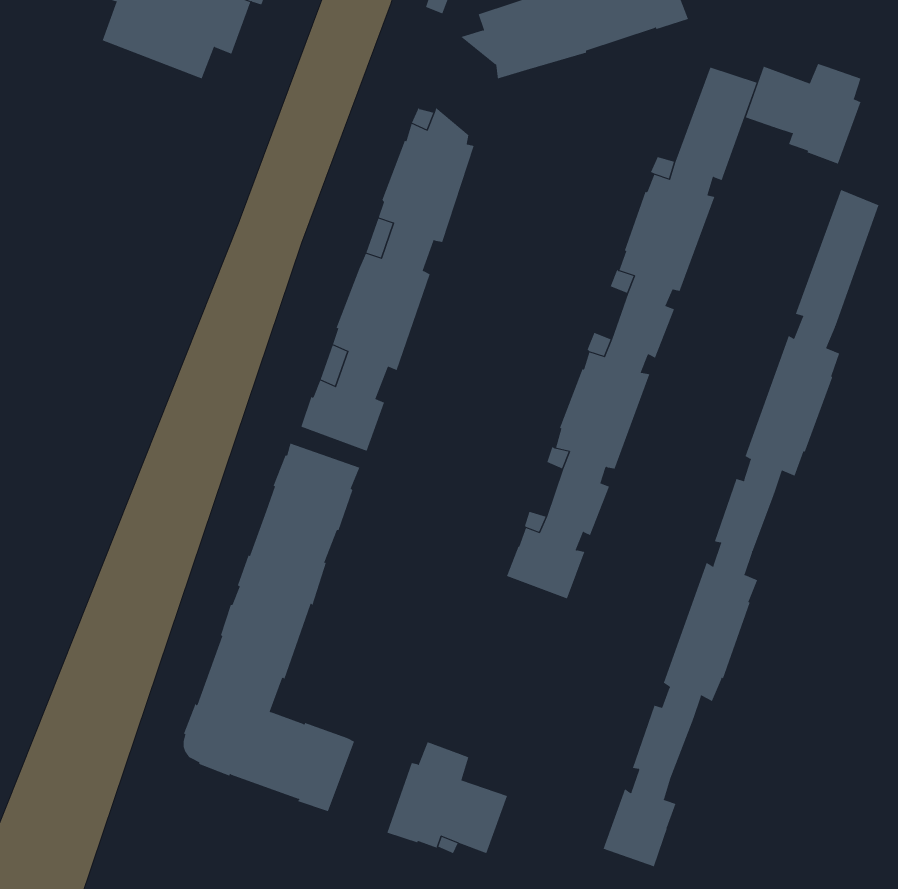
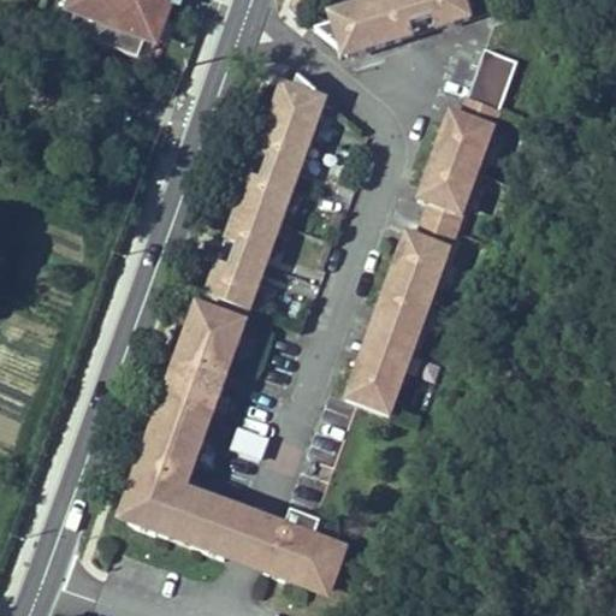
building: [745,63,861,165] -> none
building: [603,189,879,867] -> none
building: none -> [225,508,282,570]

